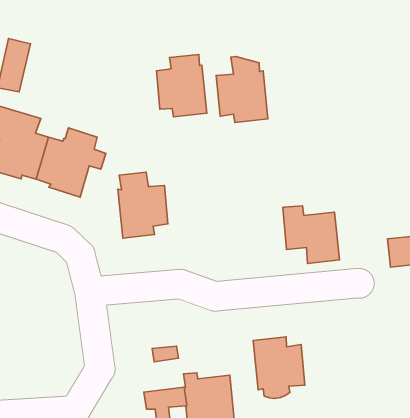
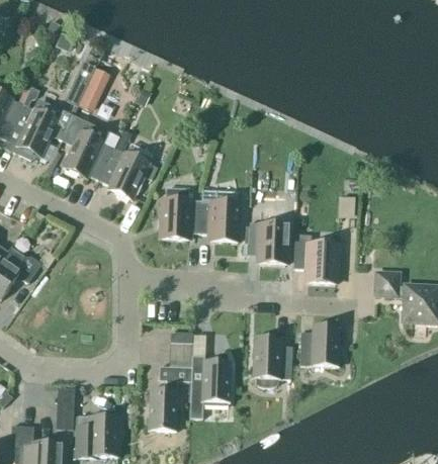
building: [157,54,207,117] -> [199,191,239,241]
building: [216,56,268,123] -> [247,208,287,263]
building: none -> [298,324,339,366]

